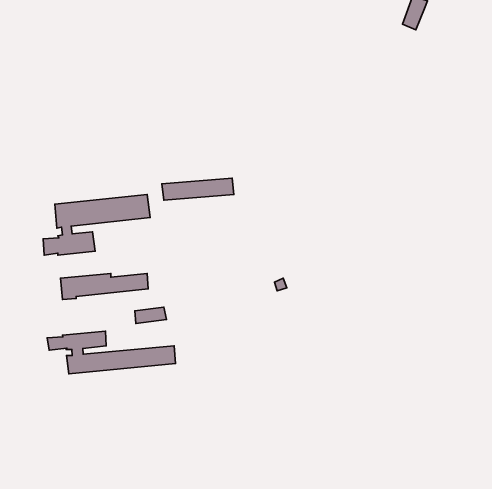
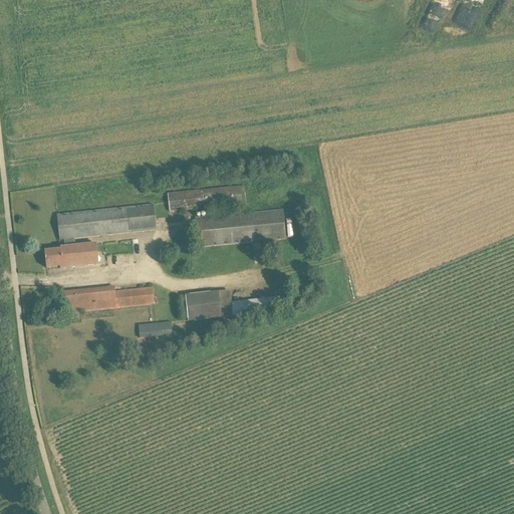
building: none -> [197,209,285,245]
building: none -> [187,290,234,319]
building: [47,331,175,374] -> none

